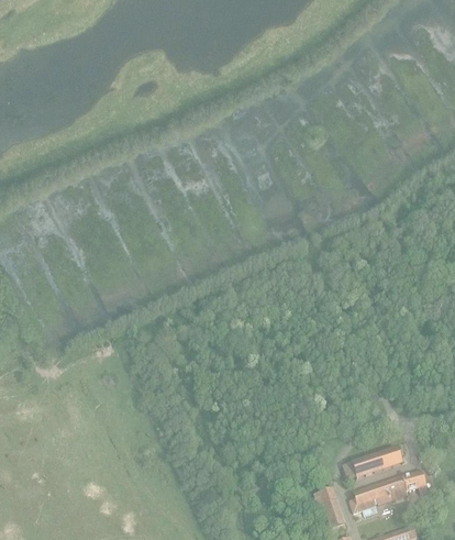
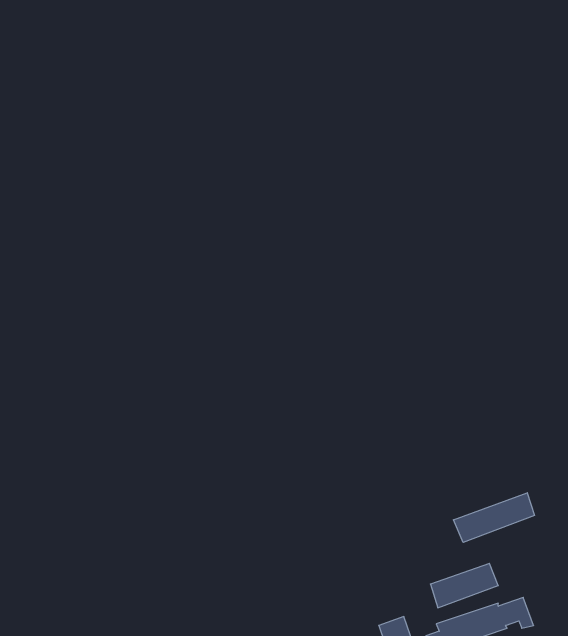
building: none -> [453,493,535,542]

